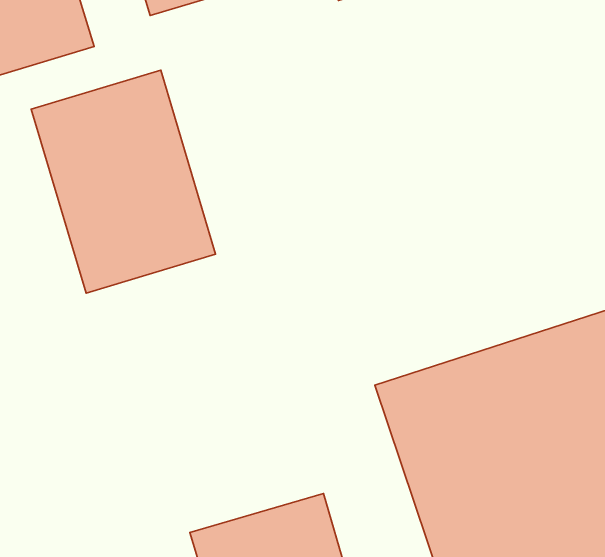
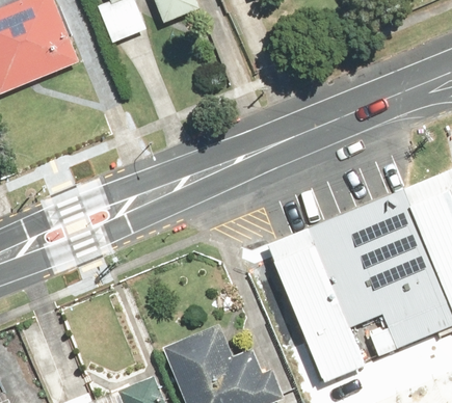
building: [31,70,216,293] -> none

